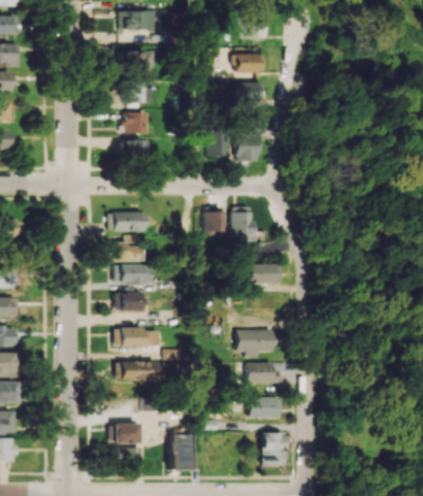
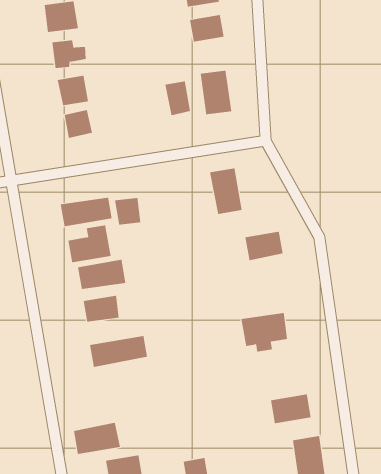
building: [206,211,226,233] -> [114,197,141,225]
building: [120,361,156,382] -> [73,422,121,455]
building: [249,363,280,384] -> none

